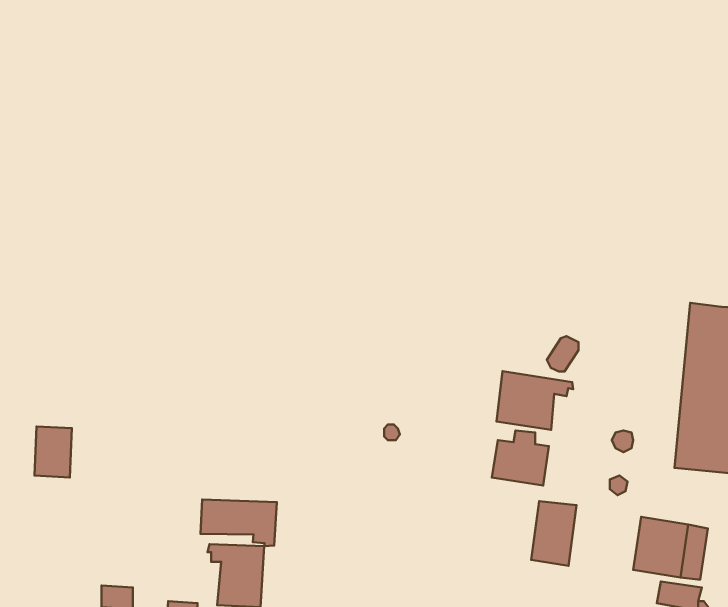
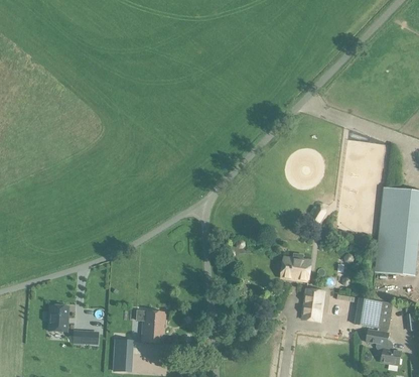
building: [496,371,573,430] -> none
building: [34,426,72,477] -> [49,305,68,332]
building: [201,500,277,546] -> none

